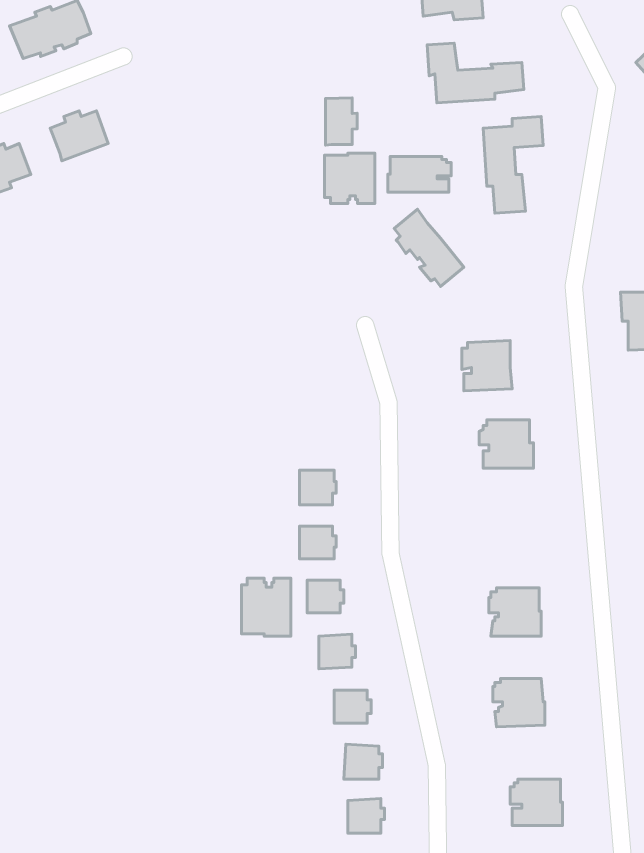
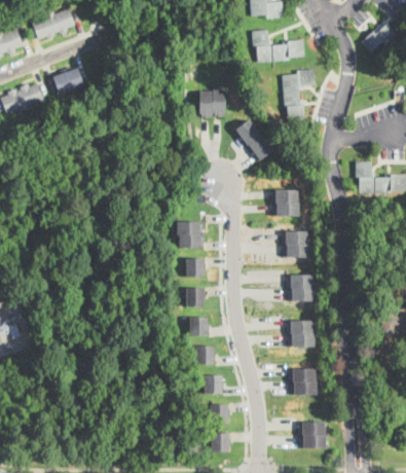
building: [325,98,357,145] -> none
building: [388,157,451,192] -> none
building: none -> [176,222,204,247]
building: none -> [287,276,313,300]
building: [242,578,291,636] -> none

